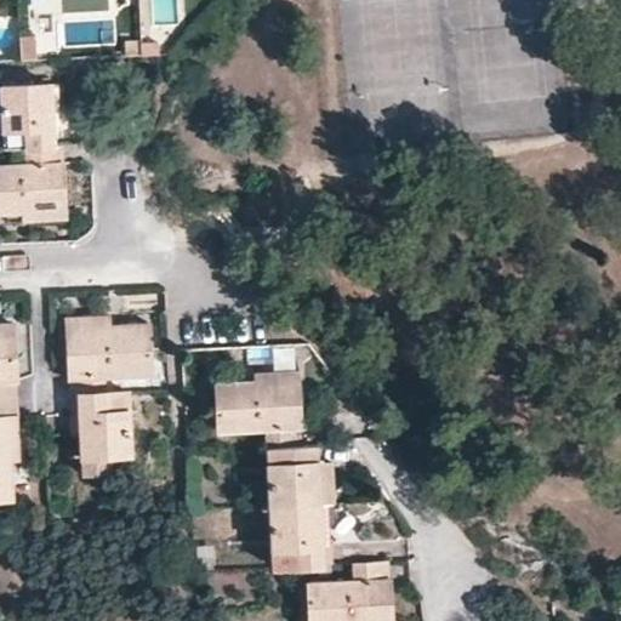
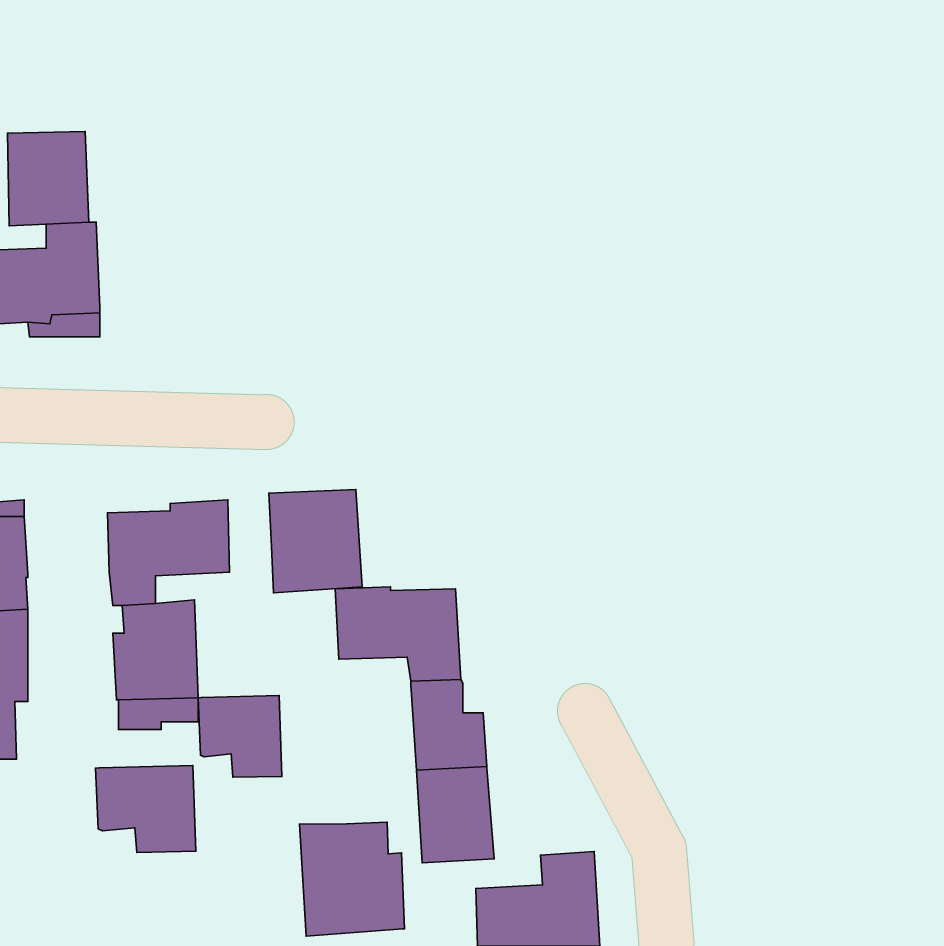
building: none -> [269,490,362,593]
building: none -> [198,696,282,777]
building: none -> [95,766,196,852]
building: none -> [299,822,405,936]

